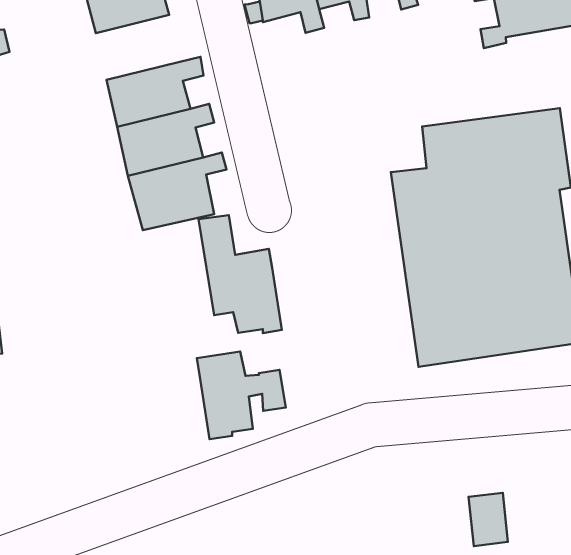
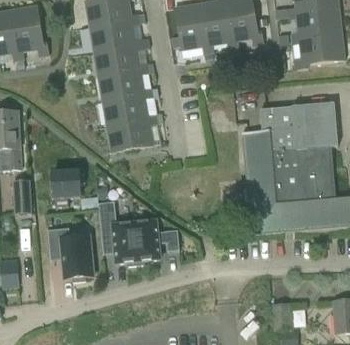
building: none -> [92,39,143,72]
building: [198,215,282,333] -> [98,202,138,265]
building: none -> [53,170,80,206]
building: none -> [48,228,94,281]

